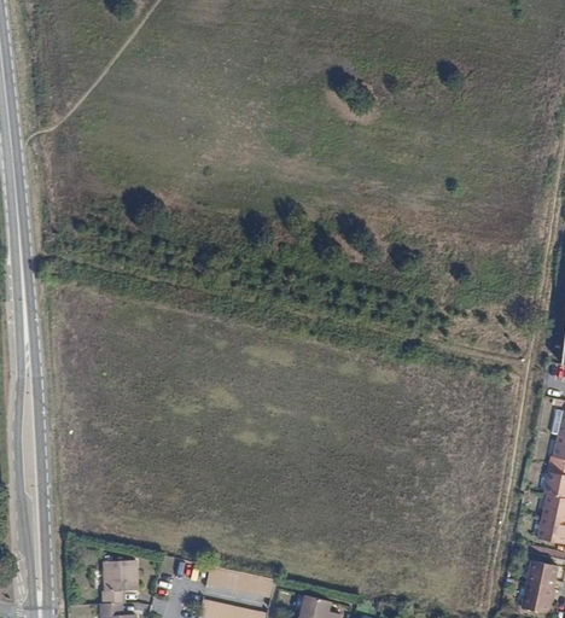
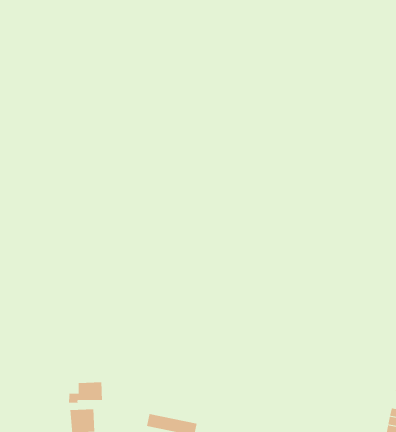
building: none -> [69,382,102,404]

